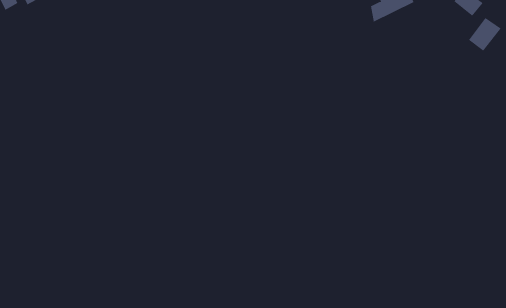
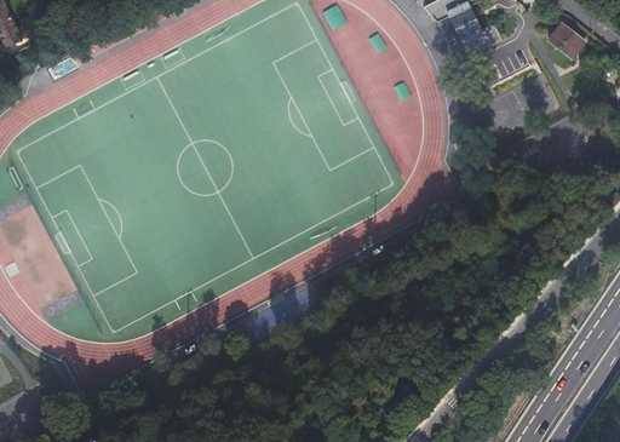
building: [468,17,502,52] -> none

